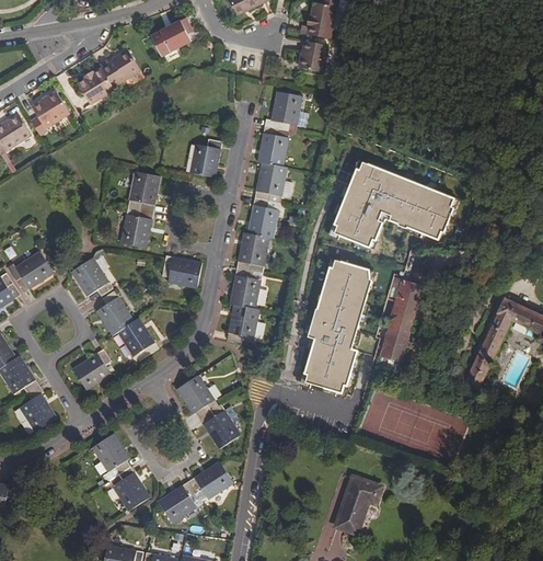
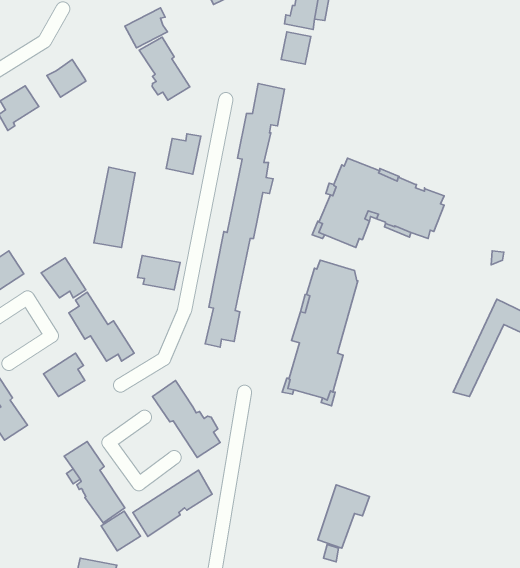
building: none -> [139,37,190,100]
building: [99,48,138,85] -> none
building: [378,277,424,375] -> none
building: none -> [101,511,140,551]

